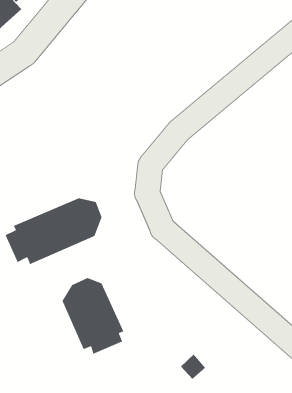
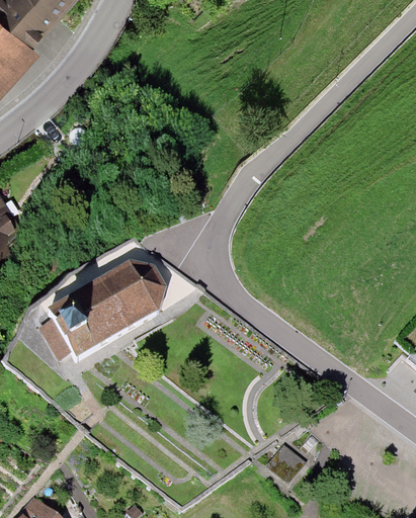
building: [62,277,125,355] -> none

